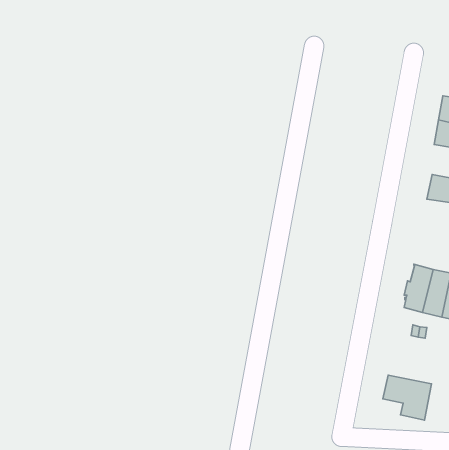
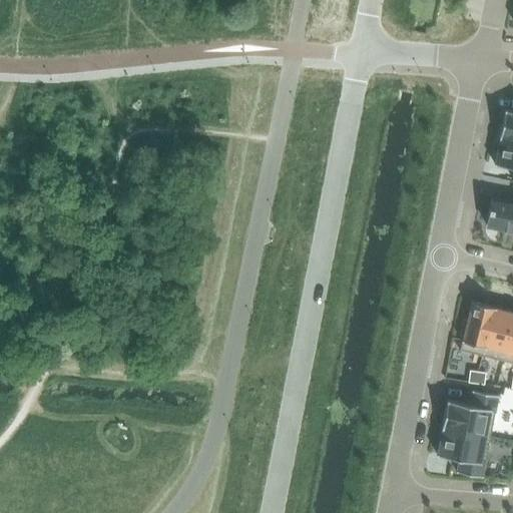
building: none -> [443,390,500,437]

